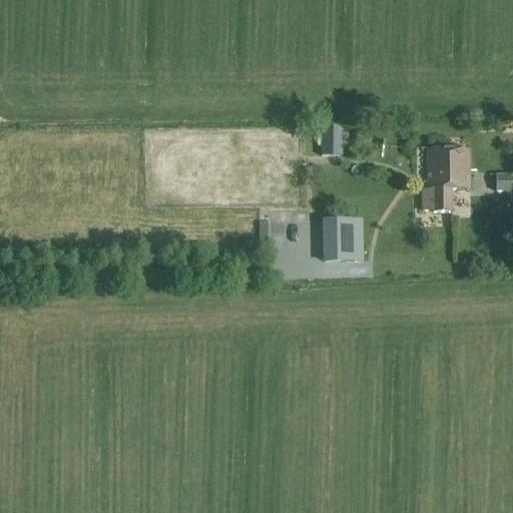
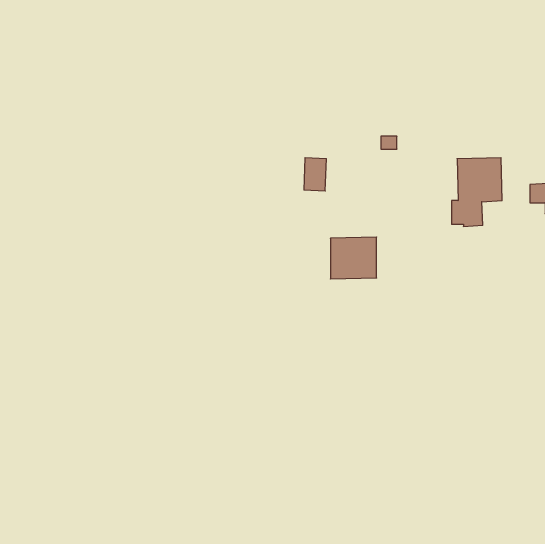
building: [324,123,345,154] -> [304,158,326,191]

